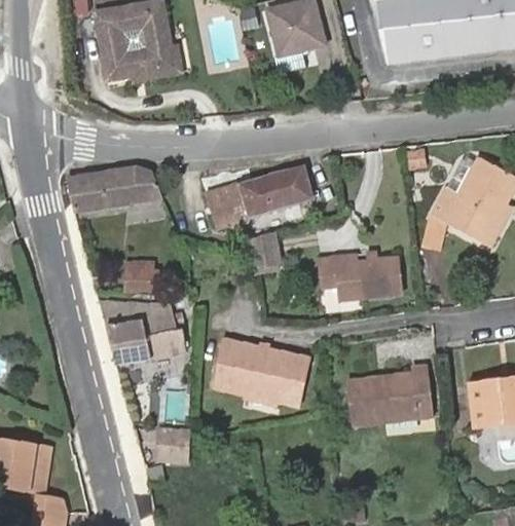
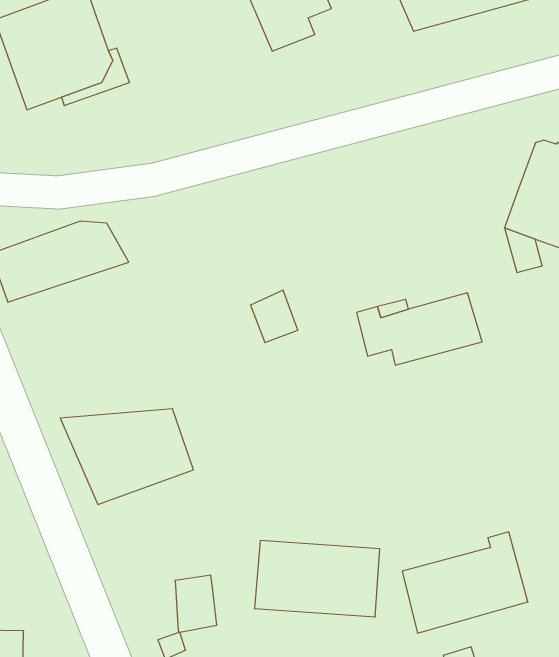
building: [206,163,316,229] -> none
building: [125,260,160,293] -> none
building: [213,339,307,405] -> [254,541,380,617]
building: [347,363,433,424] -> [402,532,528,633]

